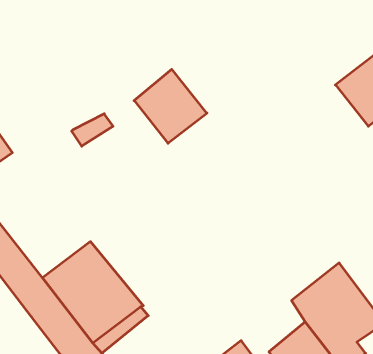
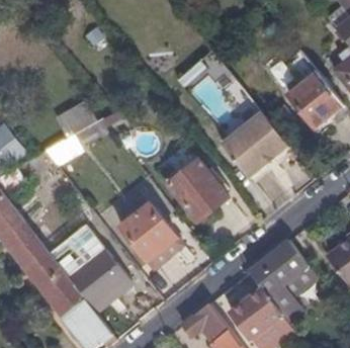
building: [134,69,207,143] -> [169,162,228,222]
building: none -> [220,114,287,181]
building: none -> [123,206,182,267]

